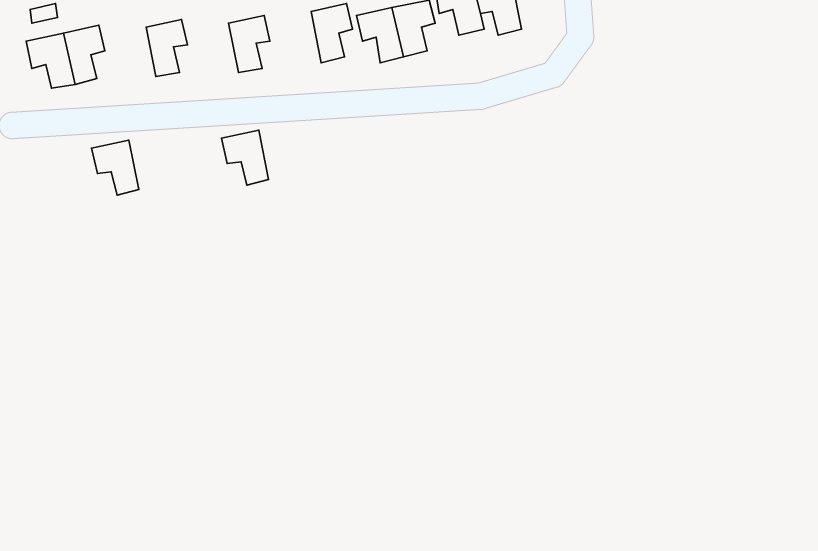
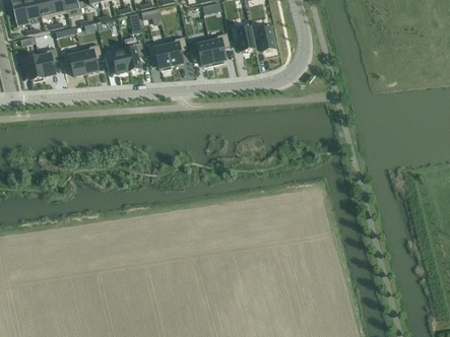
building: none -> [146,40,171,68]
building: [221,130,269,185] -> [104,46,128,74]
building: [92,140,139,195] -> [61,48,85,76]

